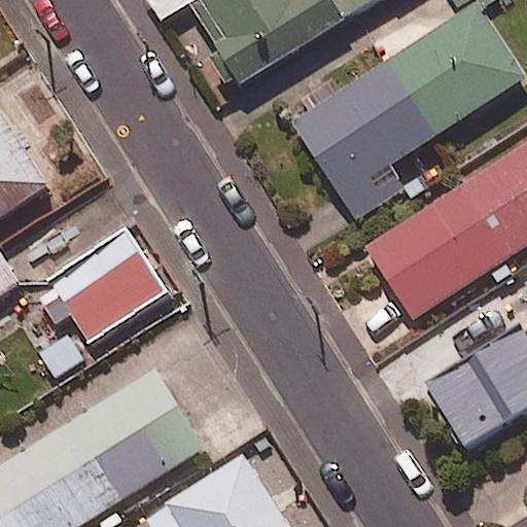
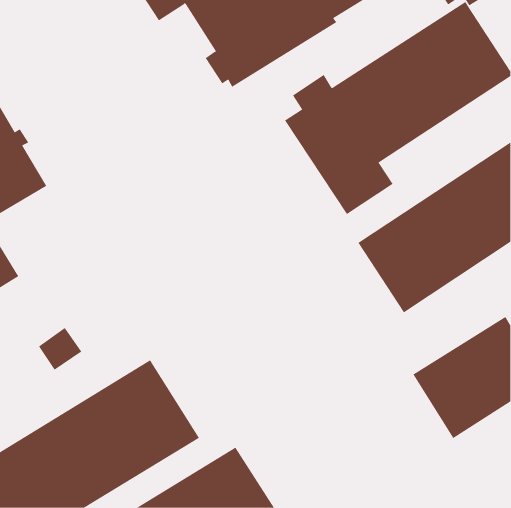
building: [39,230,169,341] -> none

